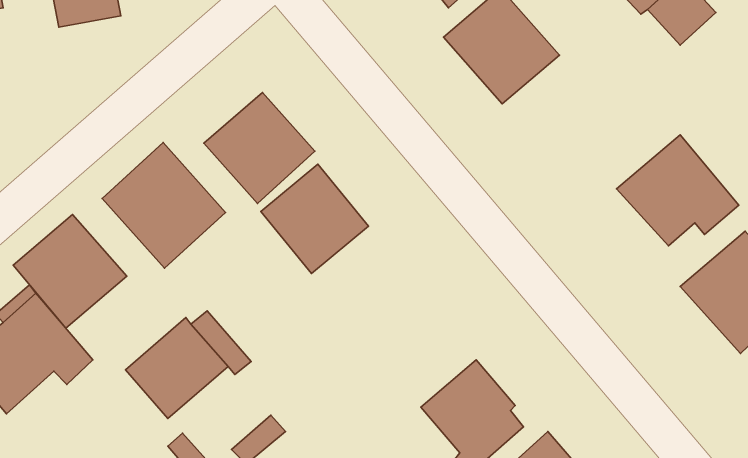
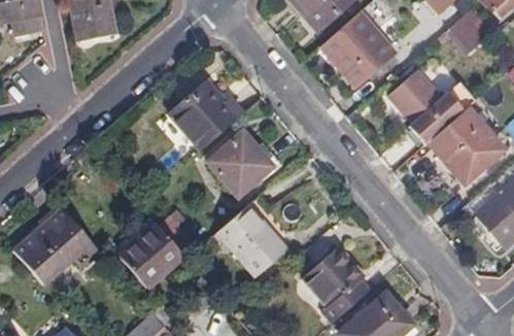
building: none -> [389,72,475,146]
building: [102,143,226,268] -> none
building: [13,214,127,328] -> none
building: none -> [221,200,289,277]

